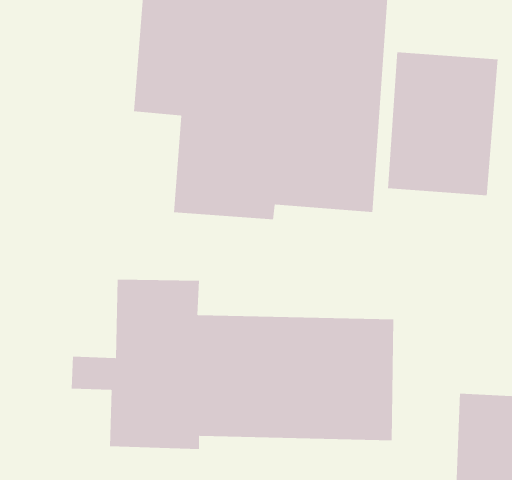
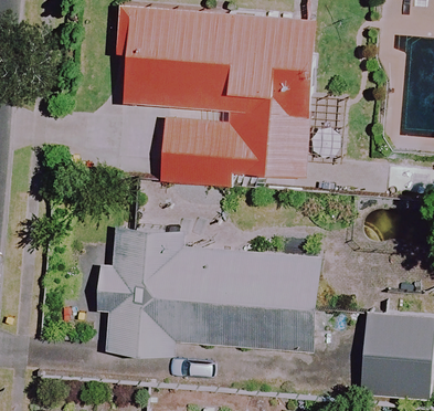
building: [387,52,498,196] -> none

